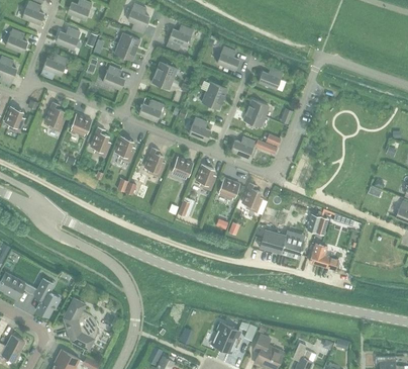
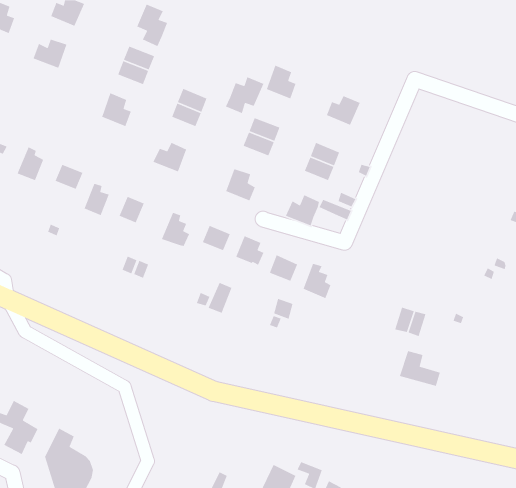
building: [165,24,192,51] -> [225,76,264,114]
building: [39,54,67,79] -> none
building: [258,227,303,258] -> none

